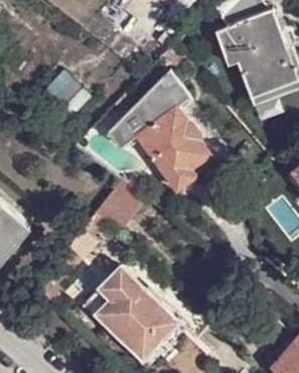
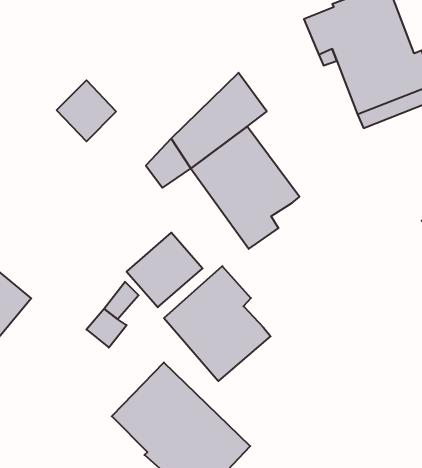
building: none -> [164,266,271,381]

